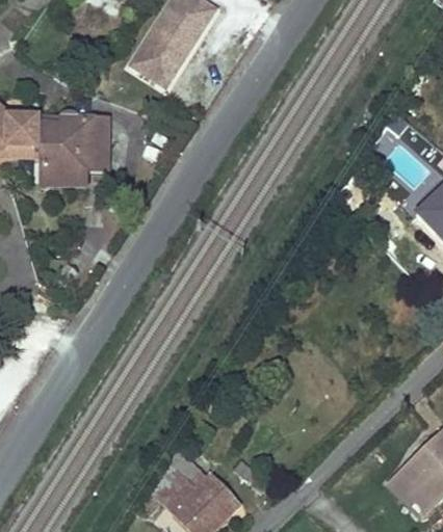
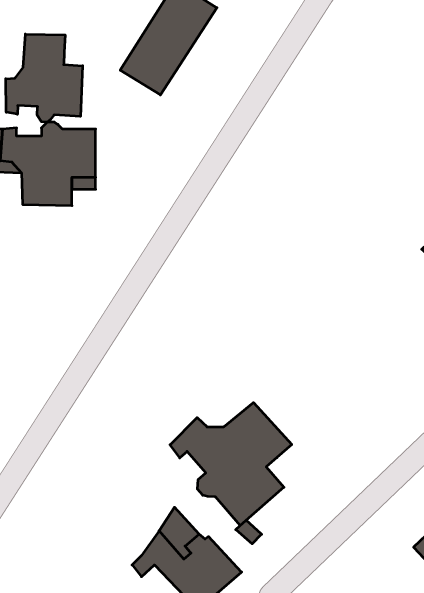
building: none -> [6,34,83,122]
building: none -> [170,403,292,525]

